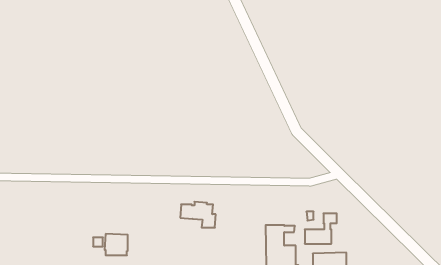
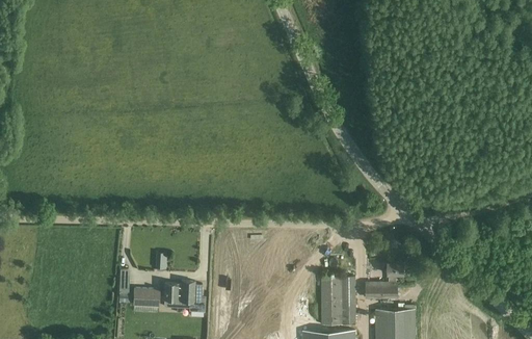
building: [180,202,216,228] -> [163,282,205,312]

